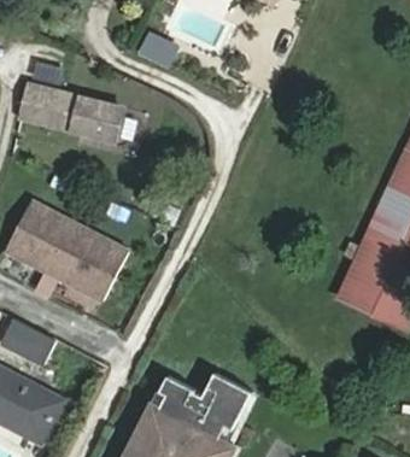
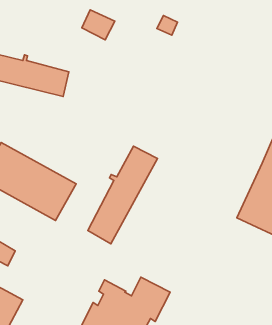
building: none -> [88,146,157,244]

